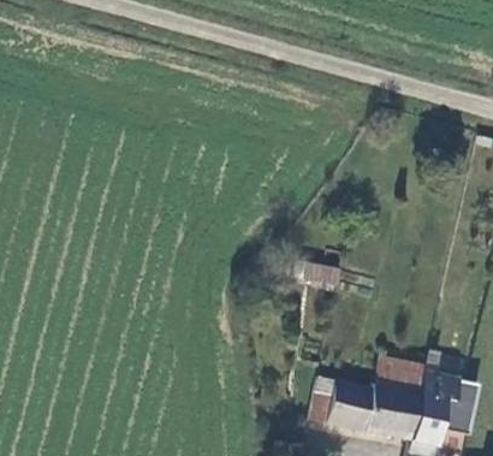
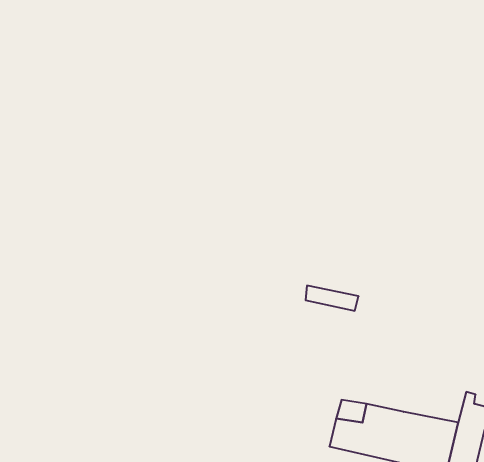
building: [380,360,436,397] -> none

